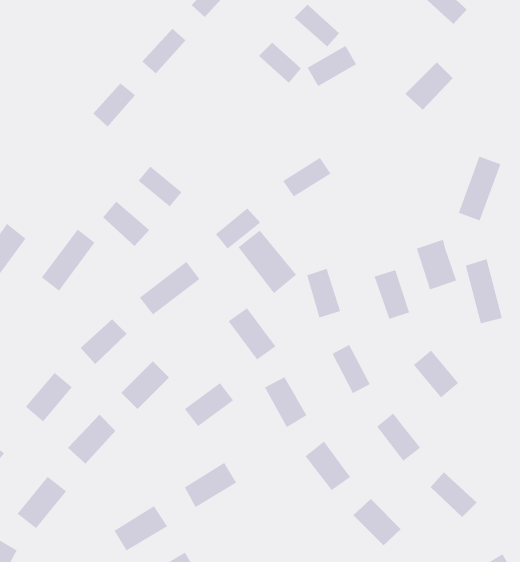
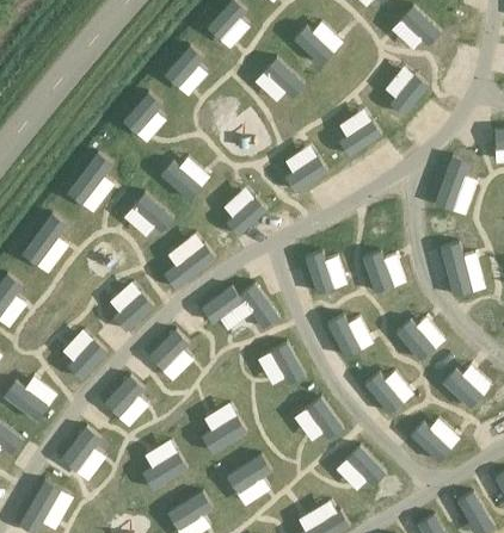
building: [307,45,357,87] -> [338,119,381,155]
building: [41,229,96,292] -> [66,153,112,206]
building: [238,229,297,294] -> none
building: [416,239,457,290] -> none
building: [184,382,234,427] -> [199,286,242,324]
building: none -> [442,370,481,409]
building: none -> [225,454,272,494]

